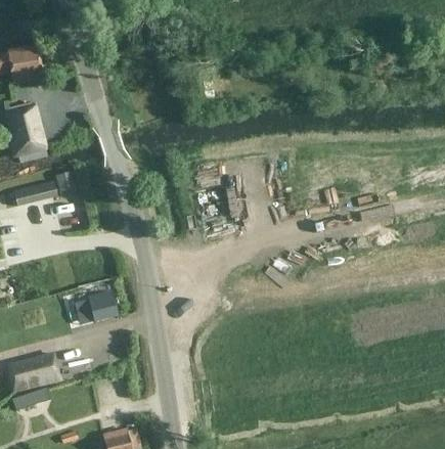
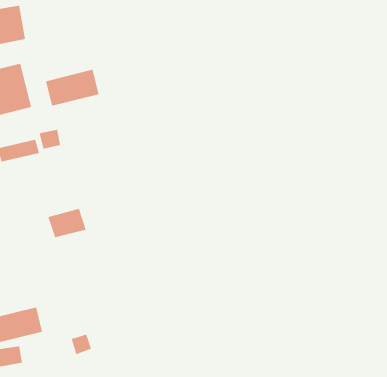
building: none -> [45,69,99,107]
building: [76,287,116,318] -> [47,208,86,238]

